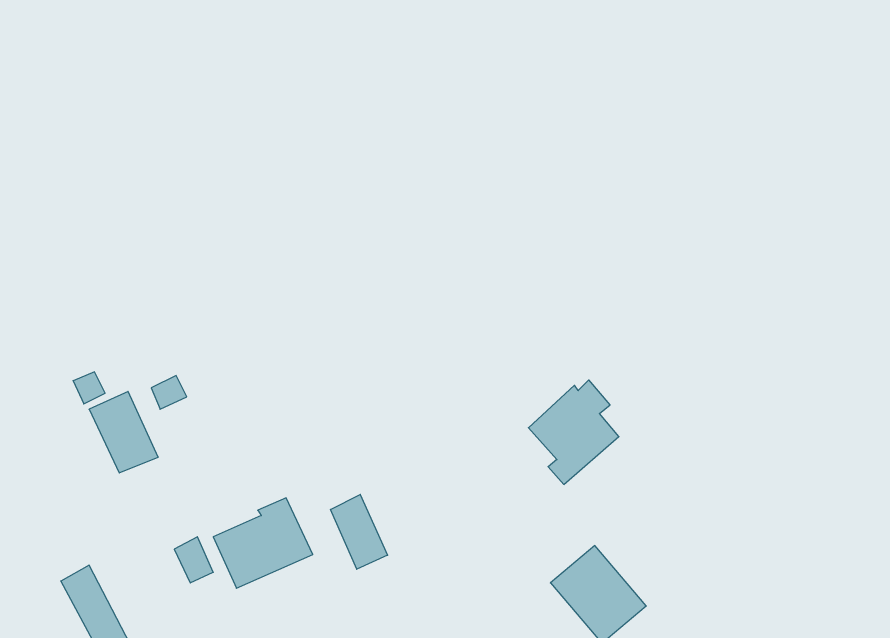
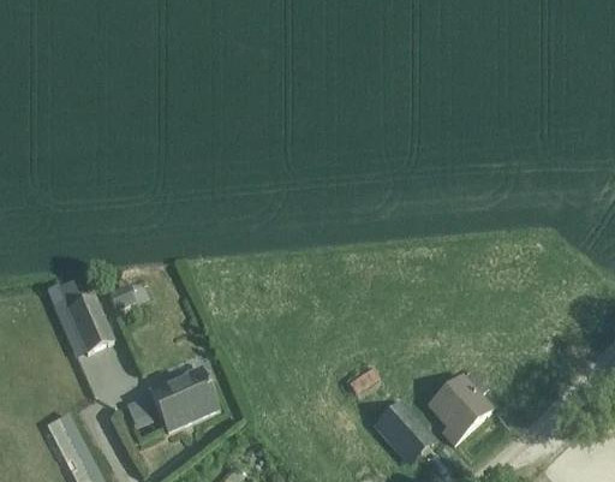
building: [528,380,619,484] -> [428,371,489,442]
building: [331,494,388,569] -> none

